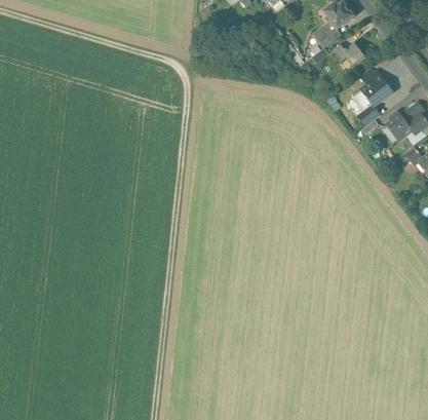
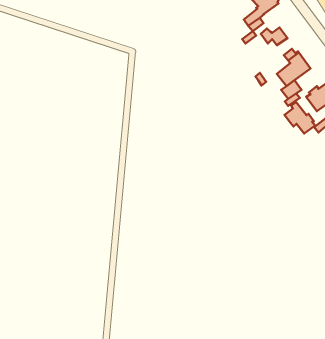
building: none -> [285,102,315,134]

